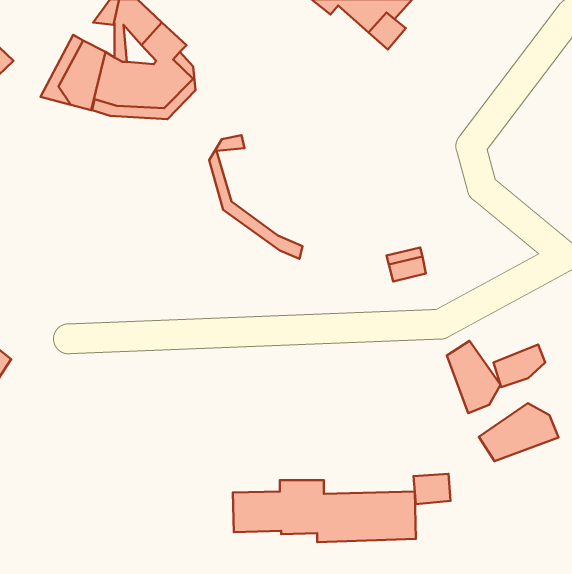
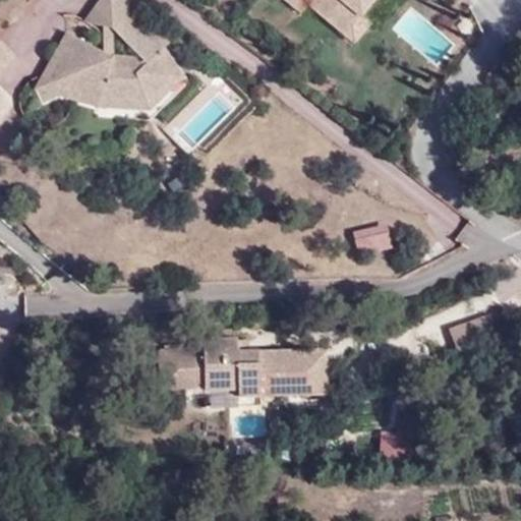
building: [209,135,303,259] -> none
building: [447,341,500,413] -> none
building: [479,403,559,461] -> none
building: [233,480,416,542] -> [159,343,325,399]

